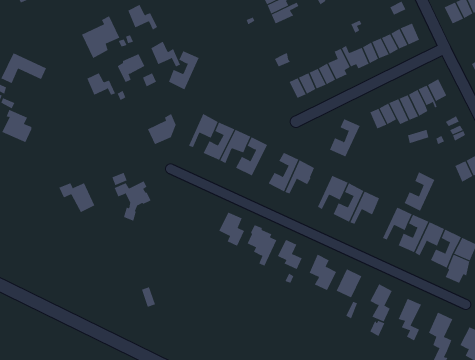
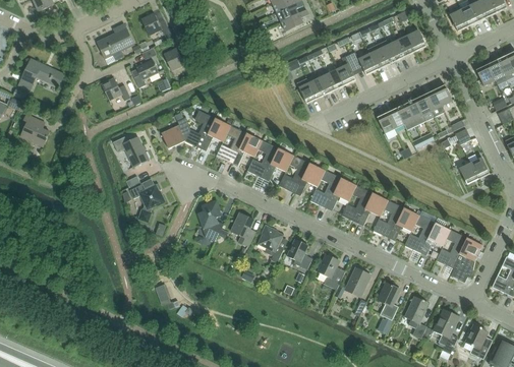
building: [168,50,200,90] -> [184,110,215,148]
building: [329,118,361,157] -> [309,170,340,207]
building: none -> [263,147,293,180]
building: [404,172,435,211] -> [373,199,403,238]
building: [58,182,95,213] -> [112,136,148,166]
building: none -> [197,200,223,241]

